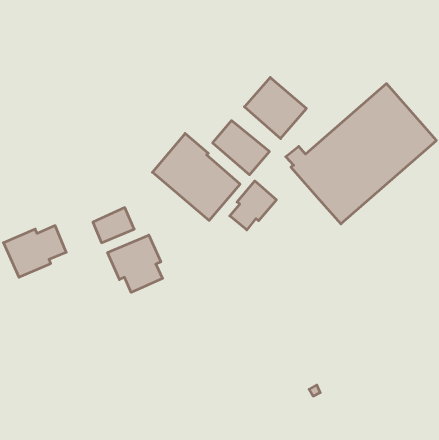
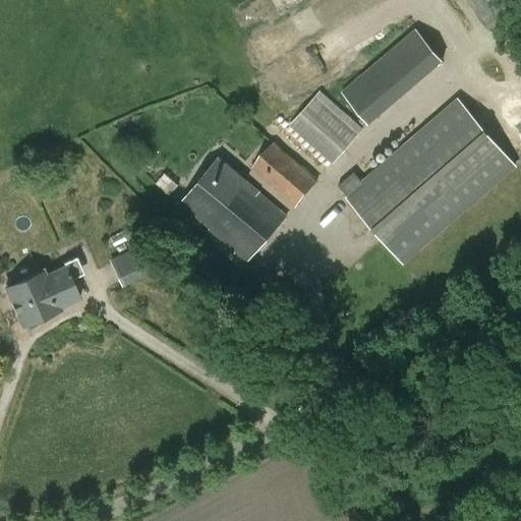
building: none -> [341,30,442,124]
building: [230,181,276,230] -> none
building: [108,235,163,292] -> none

